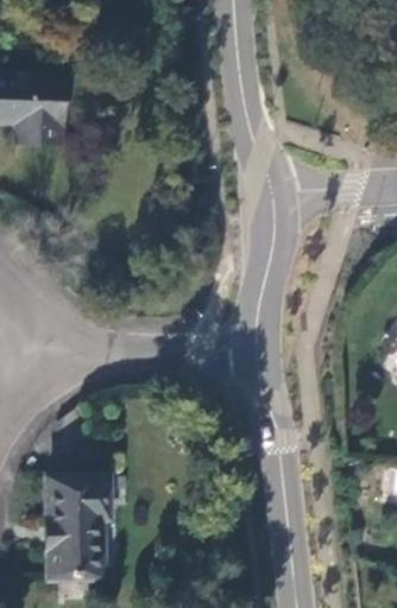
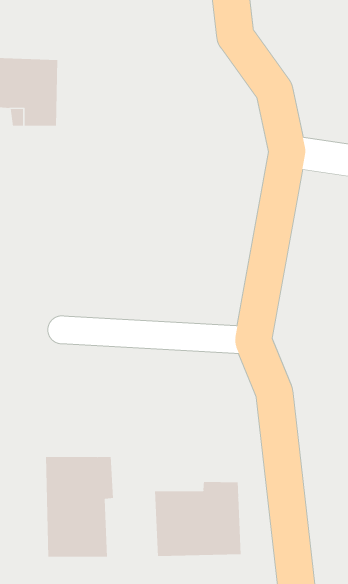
building: none -> [155,481,241,557]

